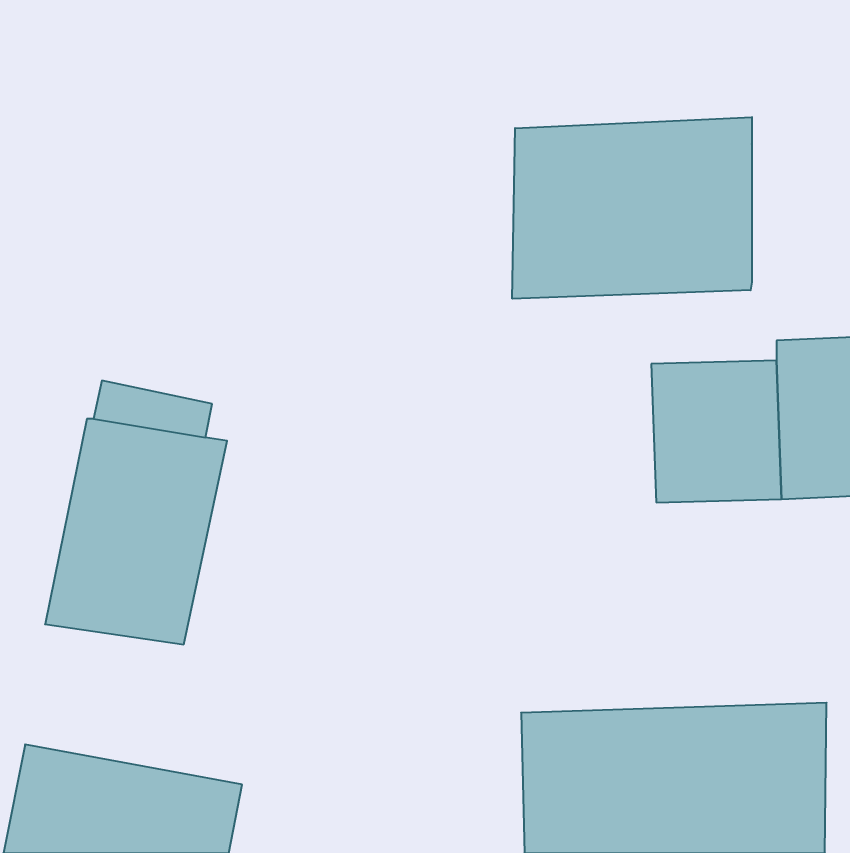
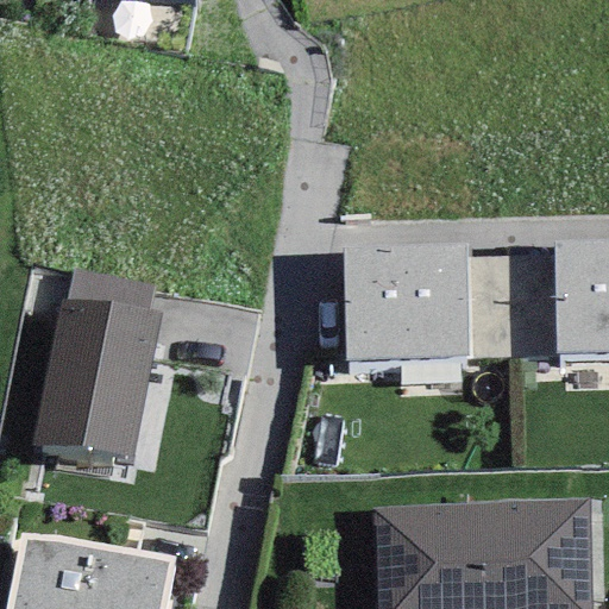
building: [512,117,752,299] -> none
building: none -> [344,245,470,363]

